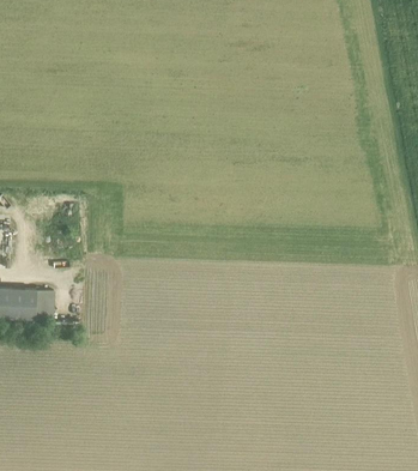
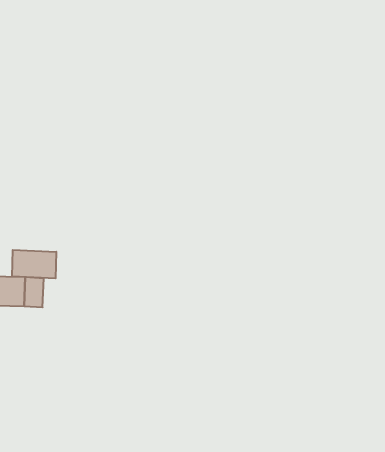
building: none -> [12,250,56,278]

